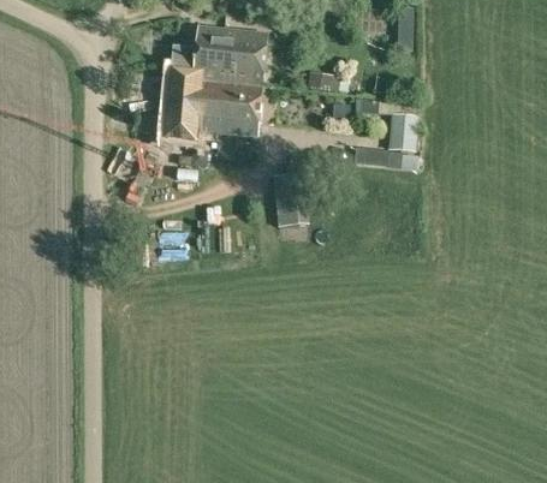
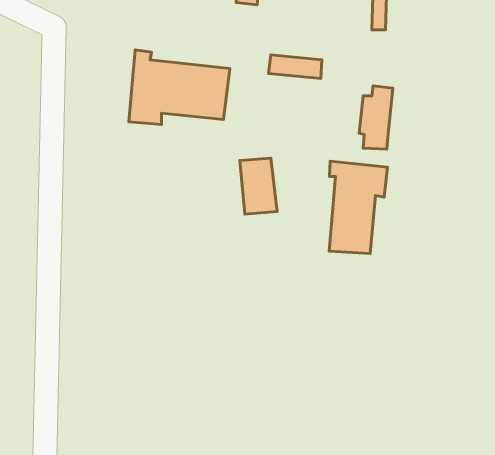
building: [170,28,266,87] -> none
building: none -> [329,161,387,254]

